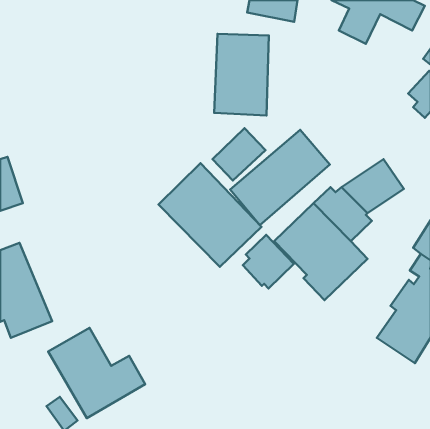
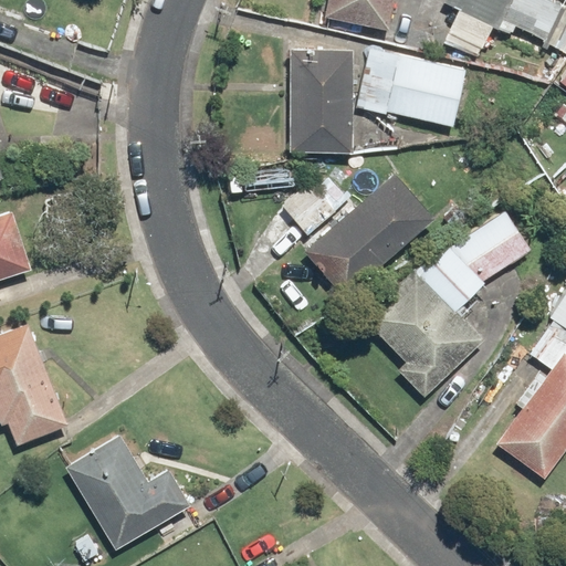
building: none -> [359,51,467,129]
building: [159,163,261,267] -> none
building: [243,235,294,288] -> none

